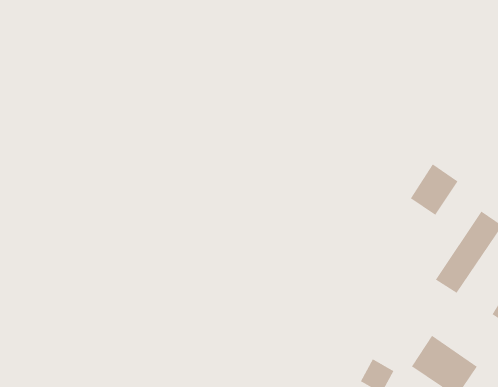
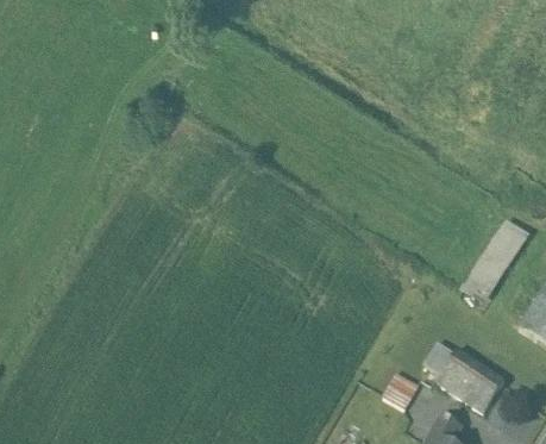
building: [410,164,459,216] -> none

